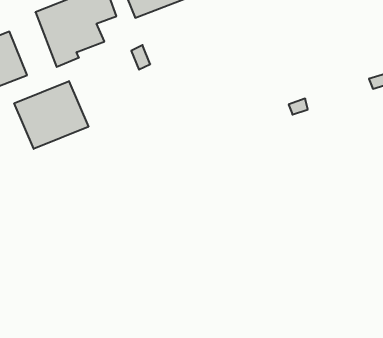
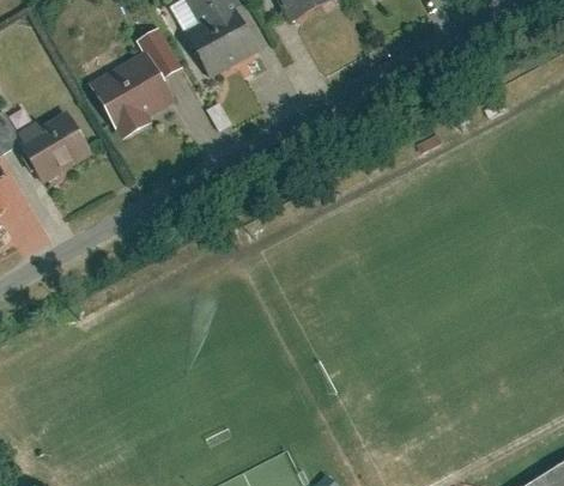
building: [14,81,88,149] -> none

